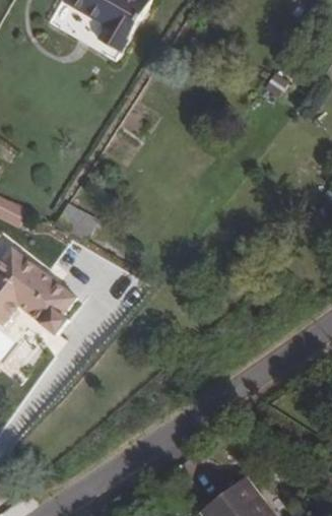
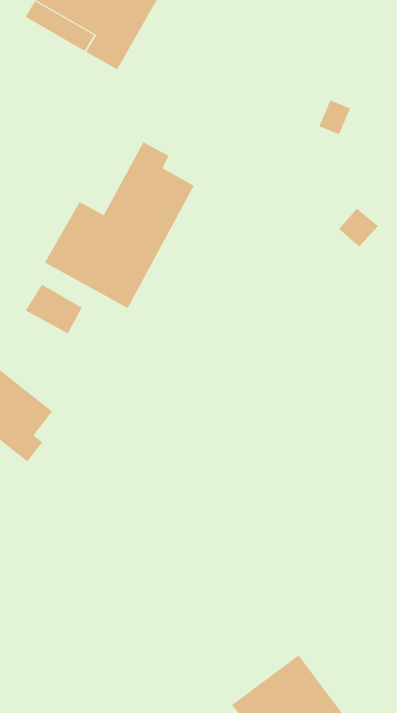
building: none -> [44,141,194,309]

